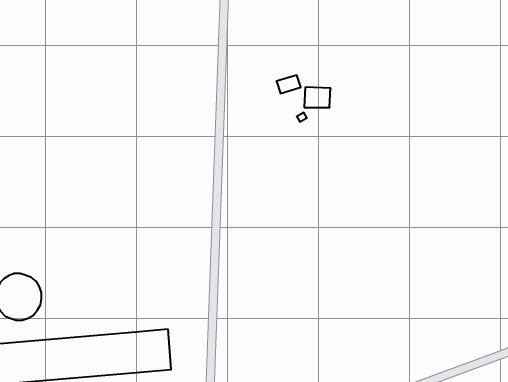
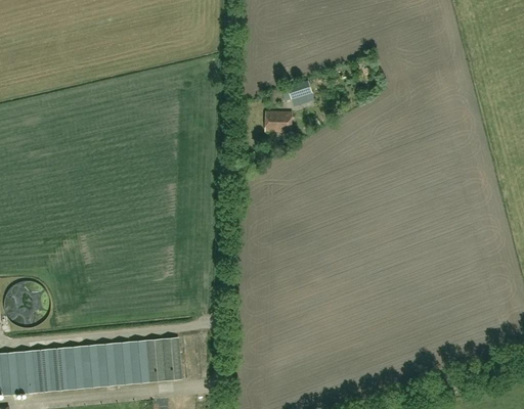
building: [304,87,331,107] -> [264,111,291,132]

